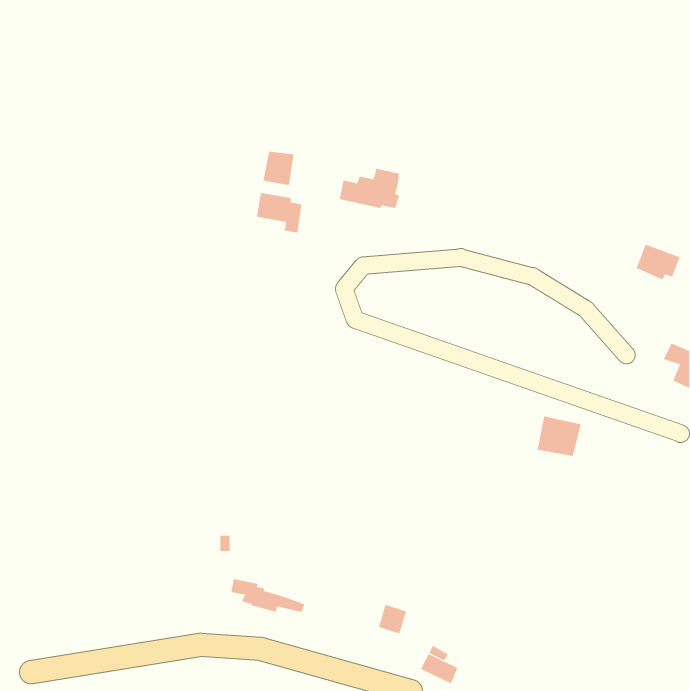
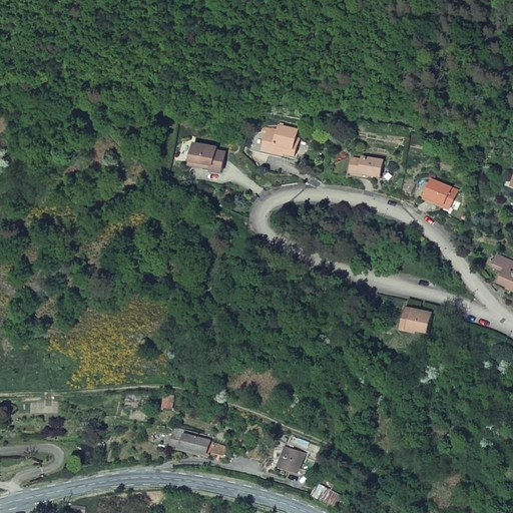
building: [263,151,294,186] -> none
building: none -> [349,156,381,175]
building: [636,244,681,280] -> [423,178,456,205]

